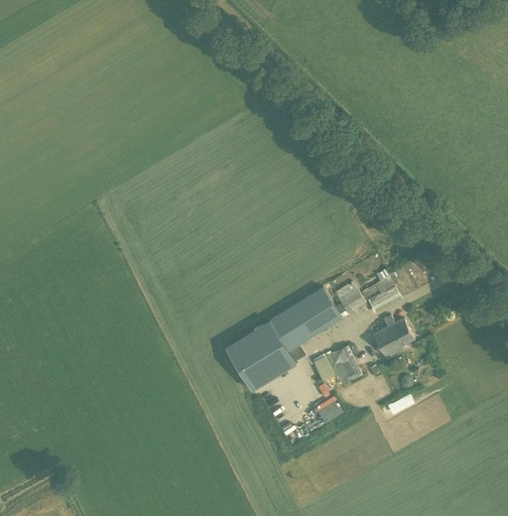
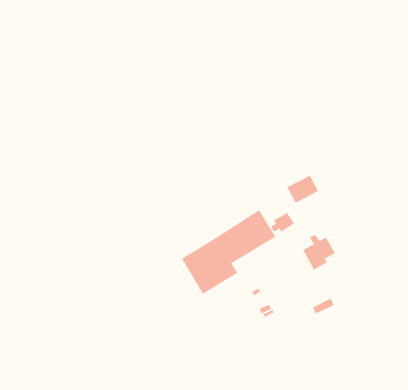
building: [360,276,399,311] -> [286,175,319,204]
building: [325,346,362,387] -> none

